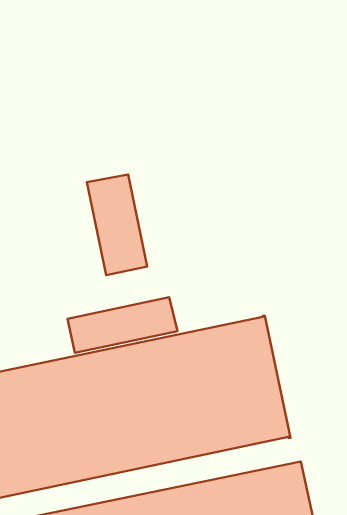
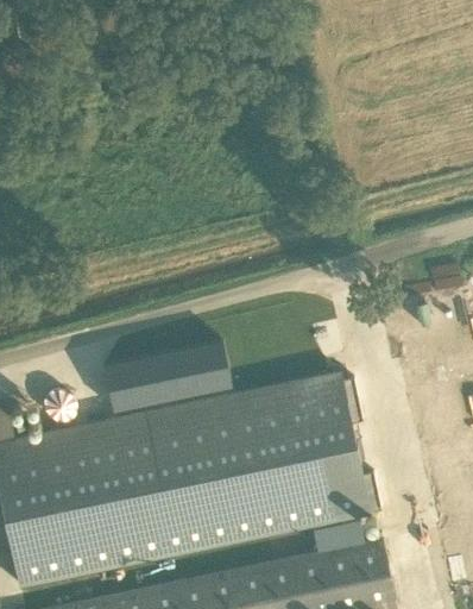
building: [87,174,147,275] -> none
building: none -> [314,520,365,550]

